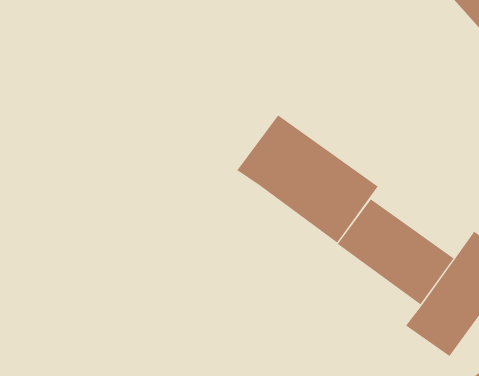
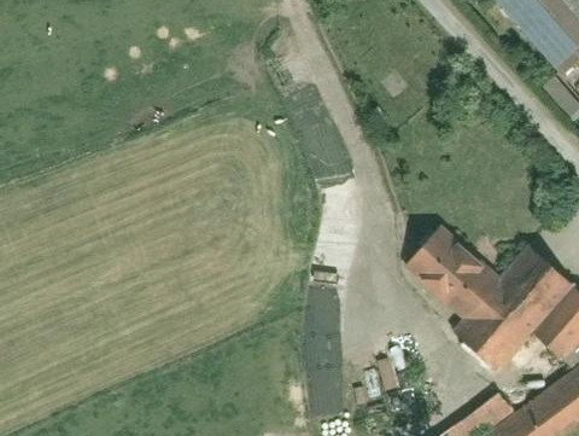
building: [236,114,378,244] -> none

